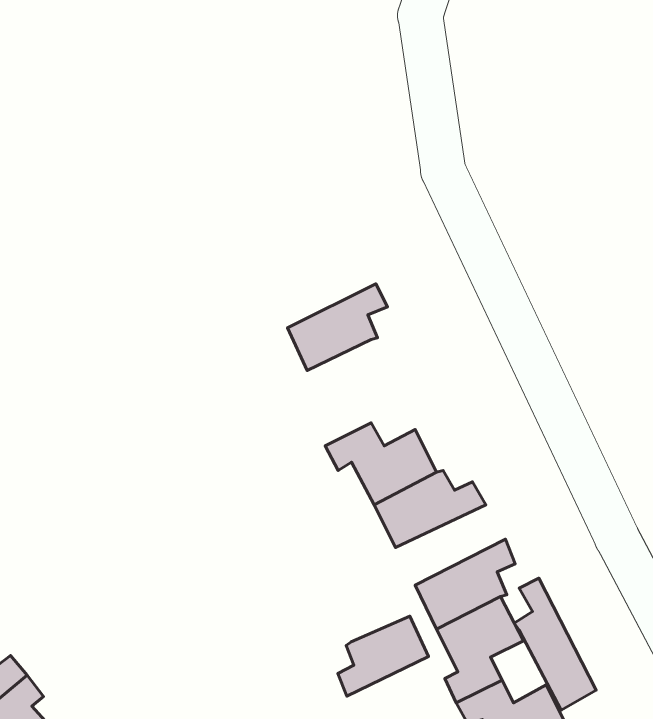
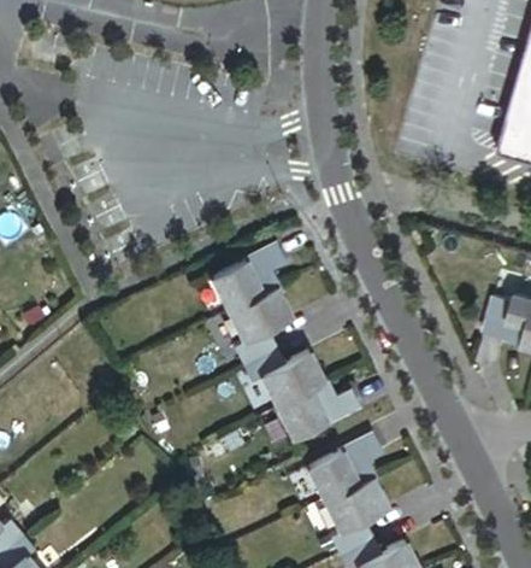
building: none -> [228,286,290,364]
building: [514,578,596,710] -> none
building: [338,616,429,696] -> none

